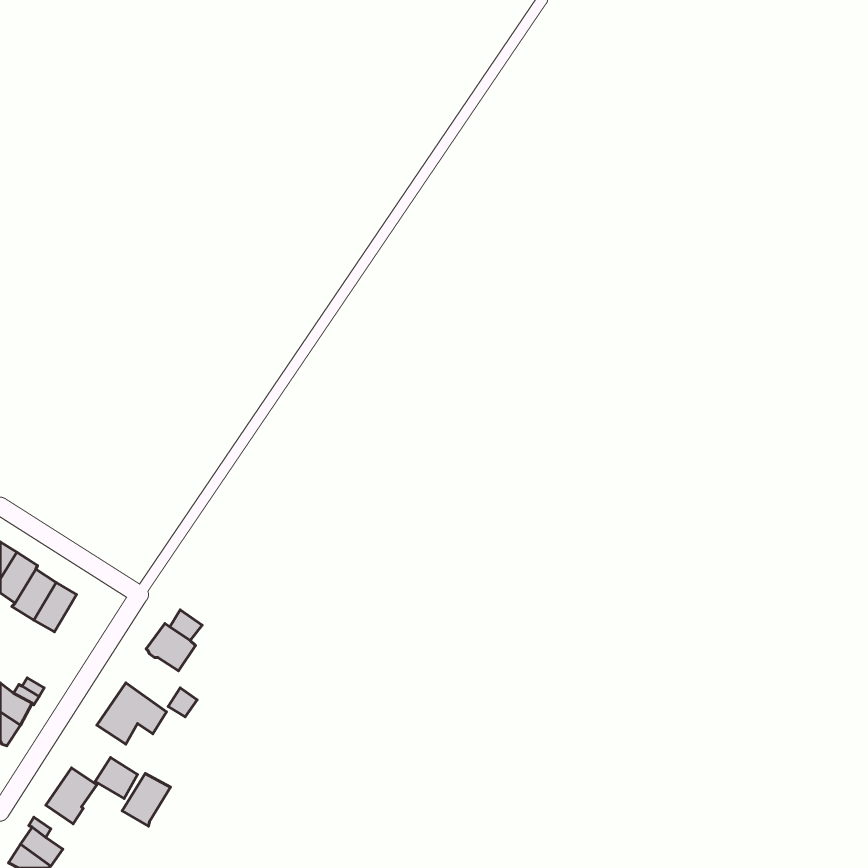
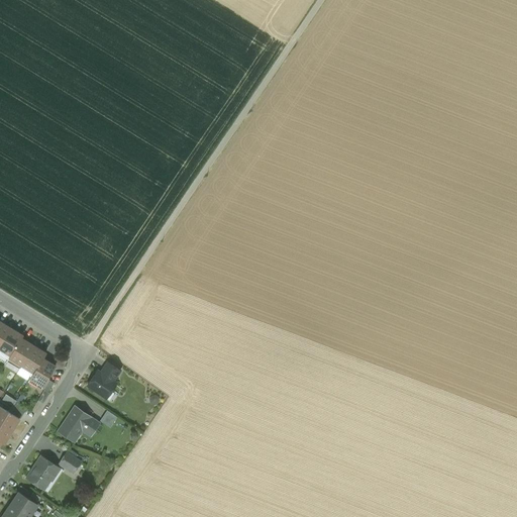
building: none -> [29,358,56,388]
building: [122,773,170,826] -> none

